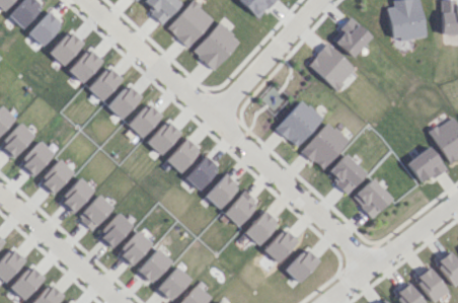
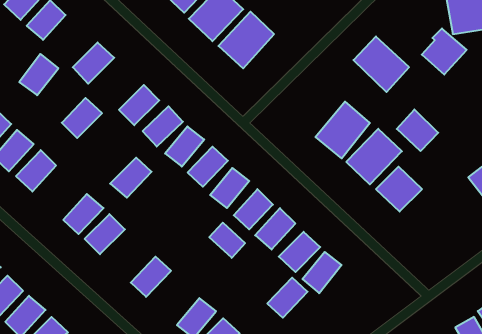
building: [333,18,372,58] -> [422,28,467,75]
building: [50,30,83,66] -> [19,54,58,95]
building: [88,67,123,101] -> [62,98,102,138]
building: none -> [397,109,438,151]
building: [39,160,74,195] -> [110,158,152,198]
building: [353,179,392,218] -> none
building: none -> [209,223,245,258]
building: [98,214,133,248] -> none
building: [286,248,320,283] -> [267,278,308,318]
building: [137,249,171,284] -> none

